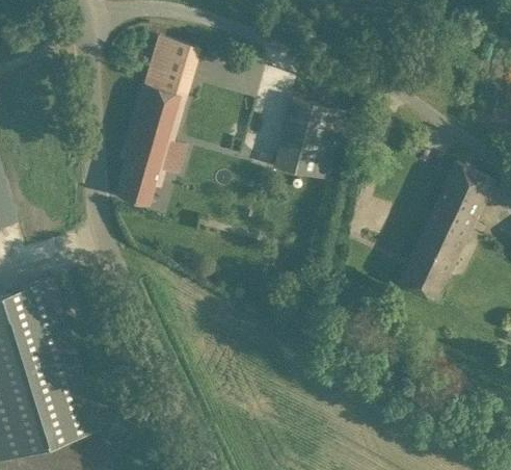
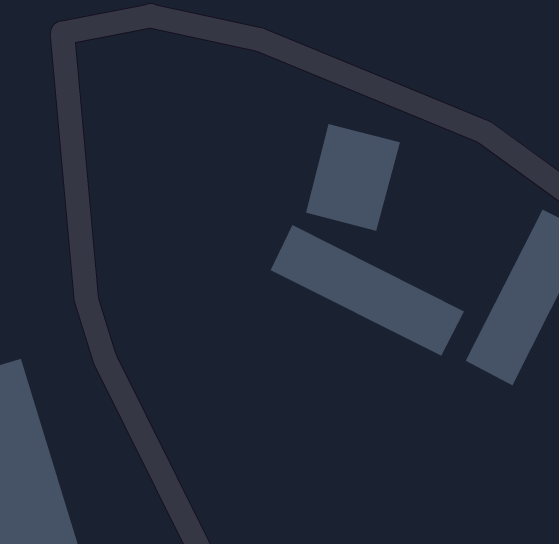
building: [116,42,198,209] -> none
building: none -> [270,224,465,357]

